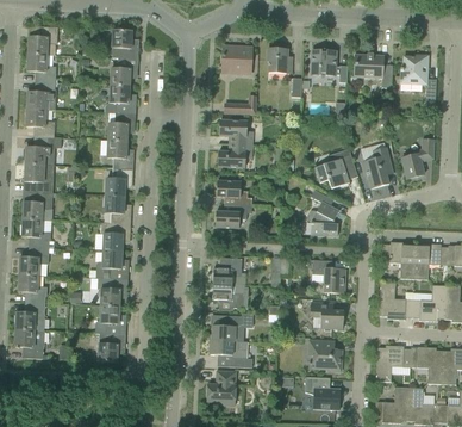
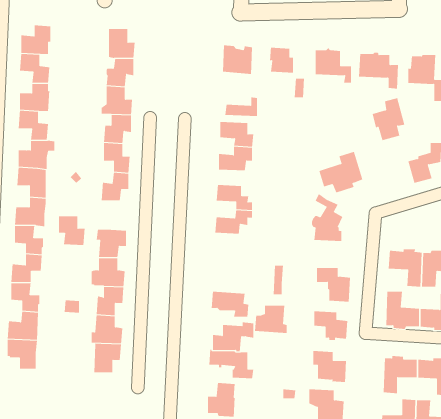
building: [361,147,393,188] -> [372,98,405,141]
building: [105,196,131,224] -> [58,216,85,246]
building: [212,258,244,285] -> [254,305,288,334]

